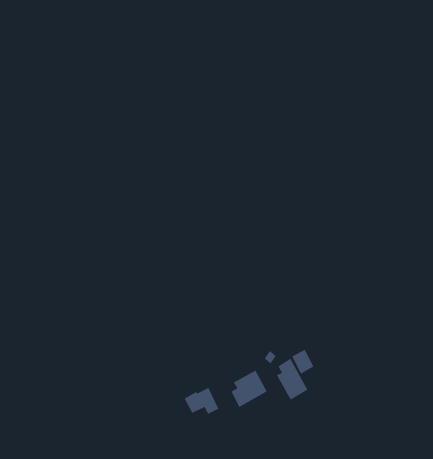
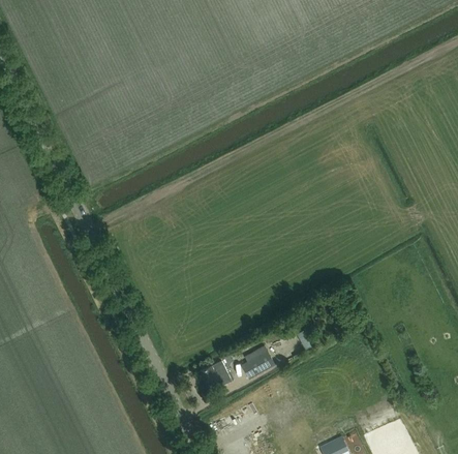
building: [276,358,308,401] -> none

